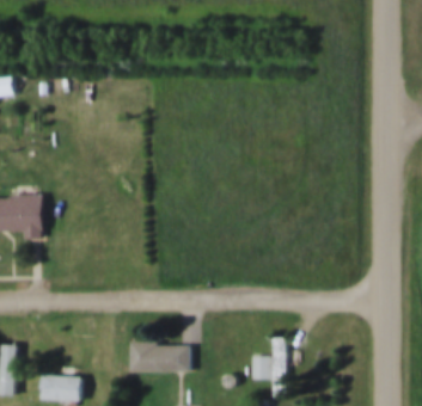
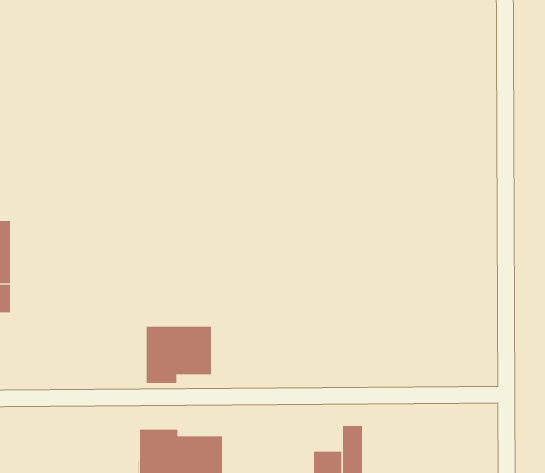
building: none -> [146,326,211,384]

